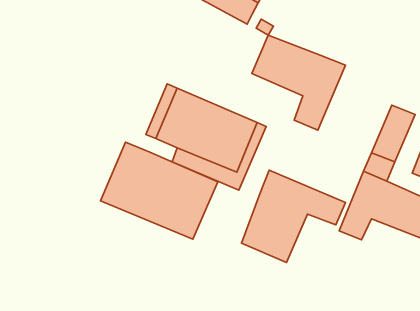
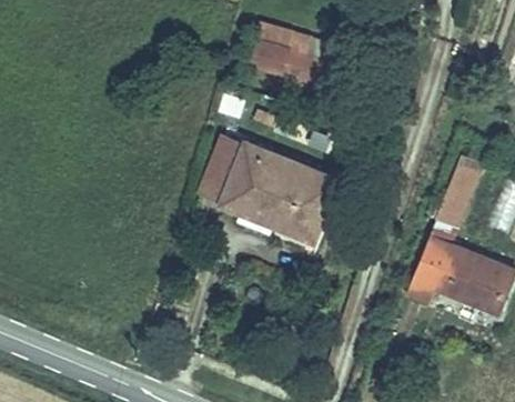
building: [252,35,345,130] -> none
building: [100,142,218,239] -> none
building: [241,170,345,262] -> none

